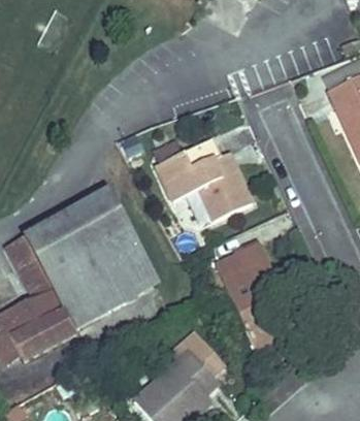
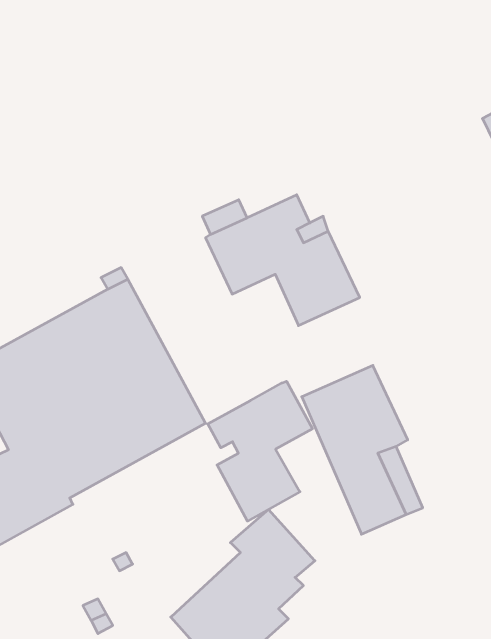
building: none -> [208,381,312,521]

